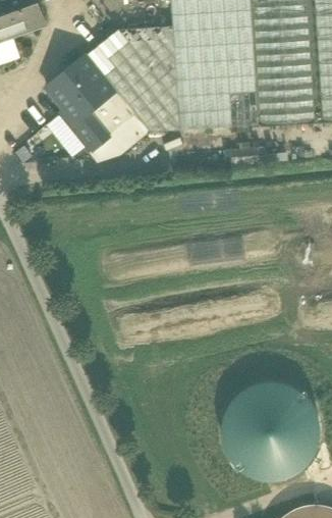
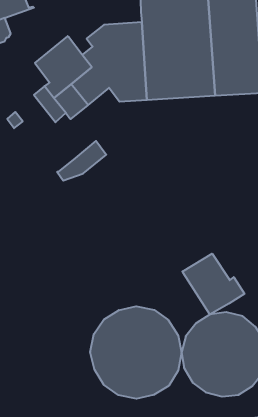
building: [87,27,173,77] -> none
building: [89,116,147,163] -> [57,141,106,181]
building: none -> [182,254,244,315]
building: none -> [90,306,181,399]

